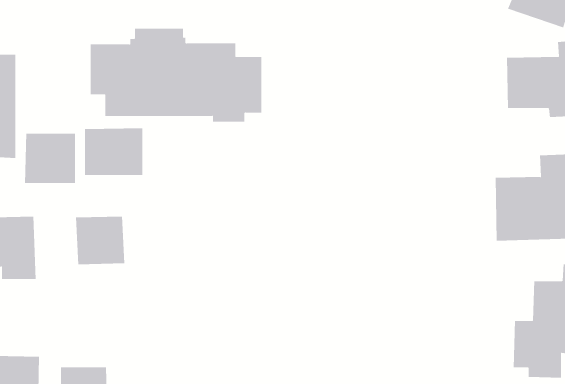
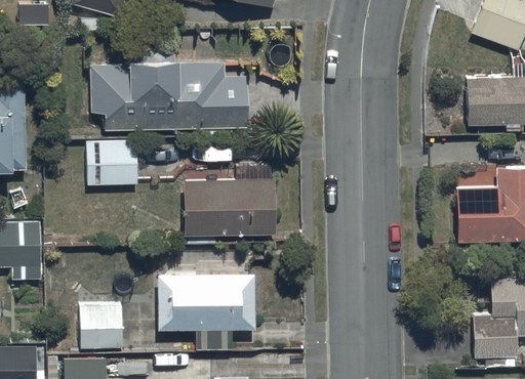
building: [25,133,76,184] -> none
building: none -> [183,165,275,235]
building: [75,216,125,265] -> [79,304,124,348]
building: none -> [157,262,255,349]

